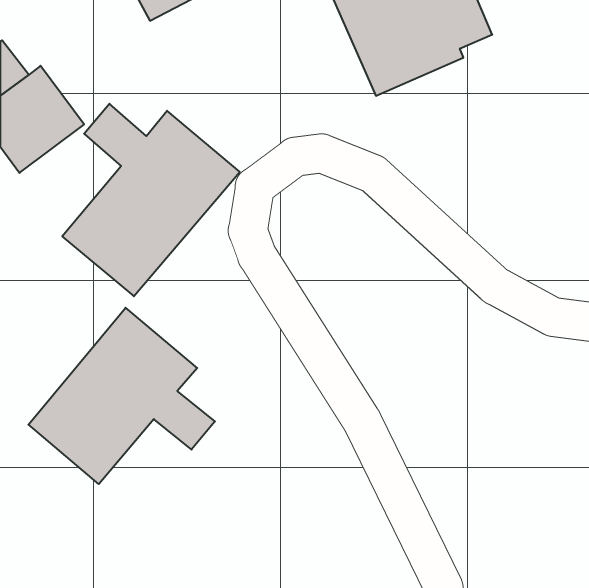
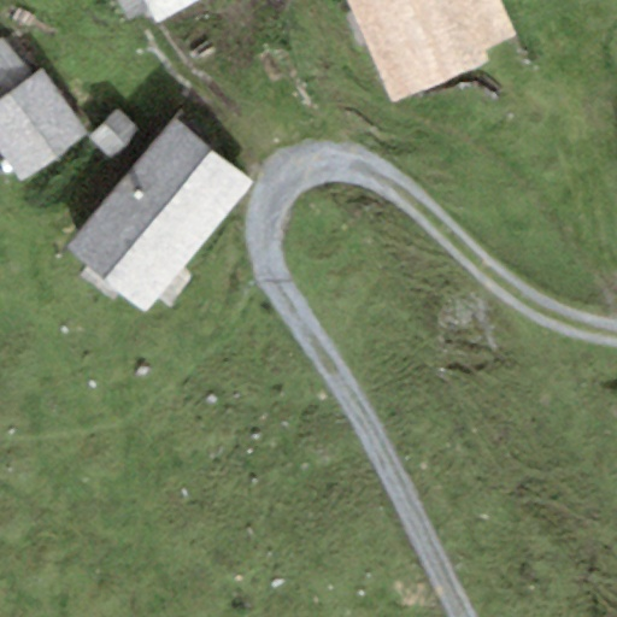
building: [28,308,215,484] -> none

